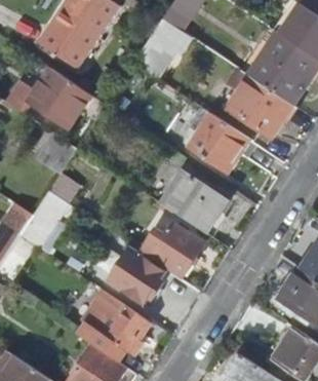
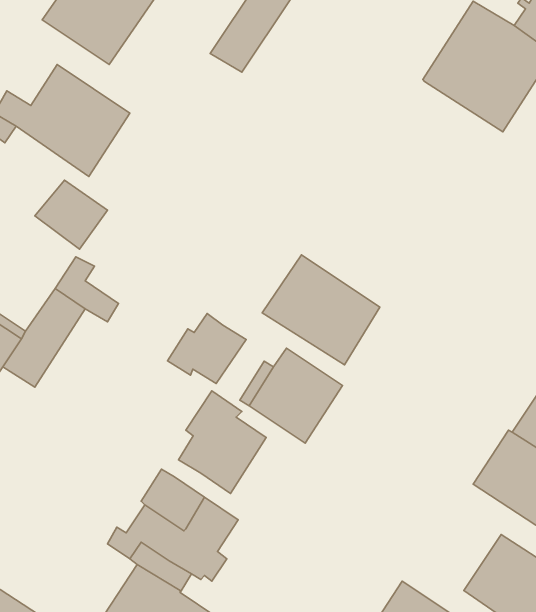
building: [229,77,292,138] -> none
building: [189,114,251,168] -> none
building: none -> [167,314,246,384]

